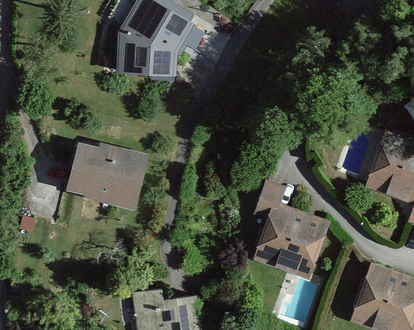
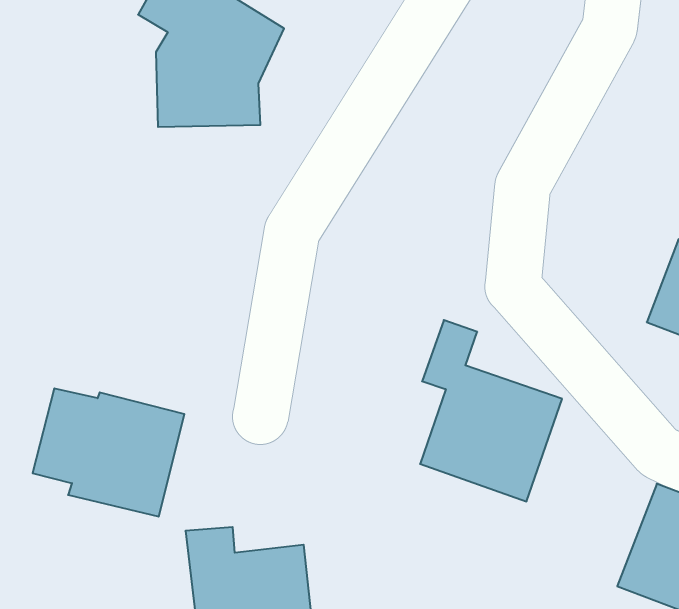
building: [66,140,143,205] -> [33,388,184,517]

